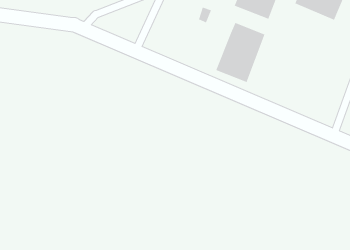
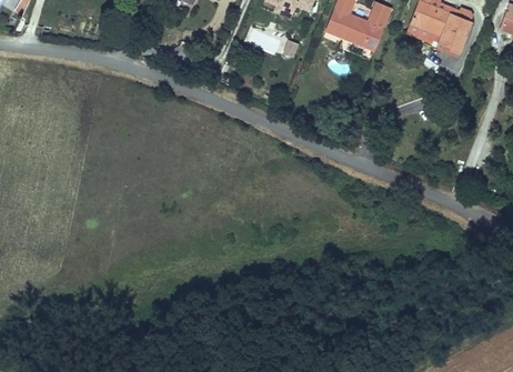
building: [215,22,265,83] -> none

